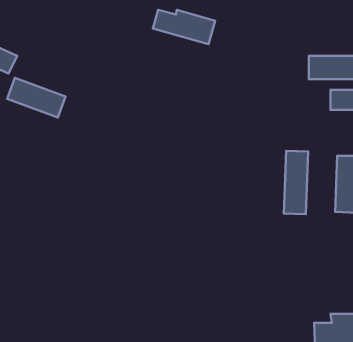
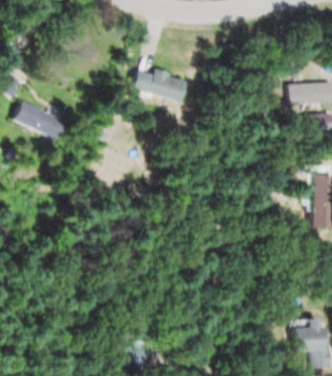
building: [153,10,215,44] -> [130,71,187,103]
building: [284,151,308,214] -> none

